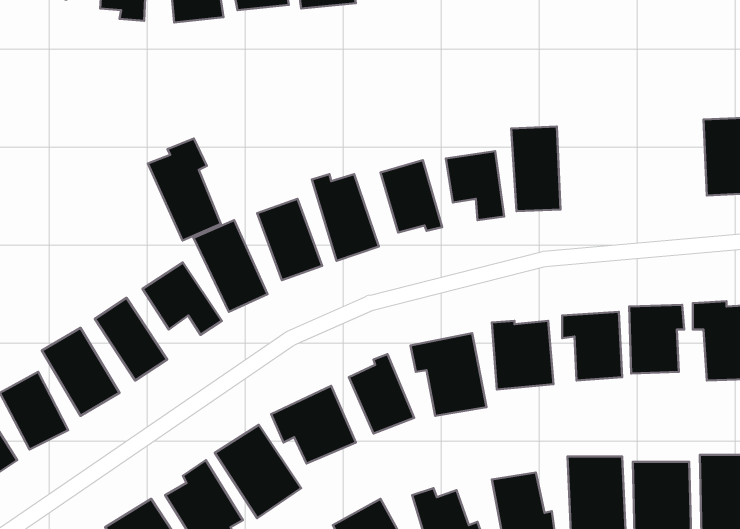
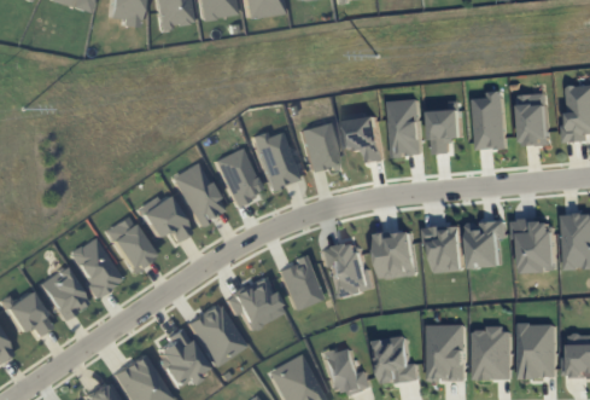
building: none -> [473,89,507,150]
building: none -> [431,100,462,153]
building: [148,139,221,240] -> none

